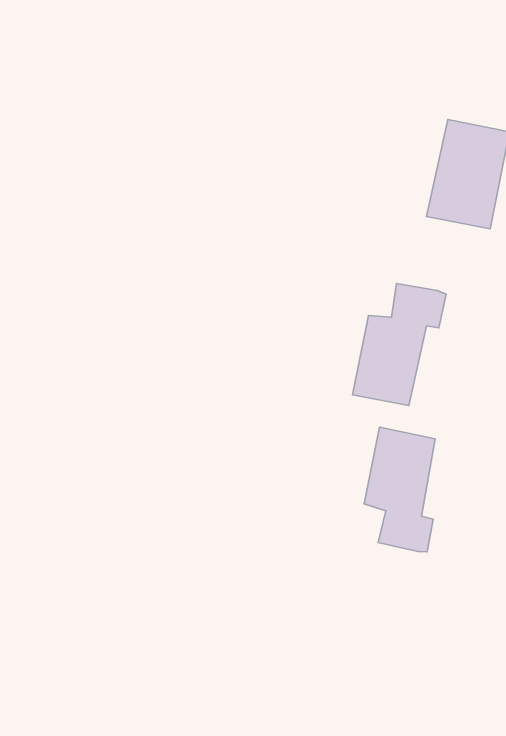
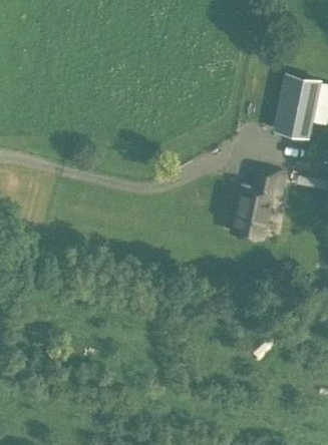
building: [364,427,435,552] -> none

